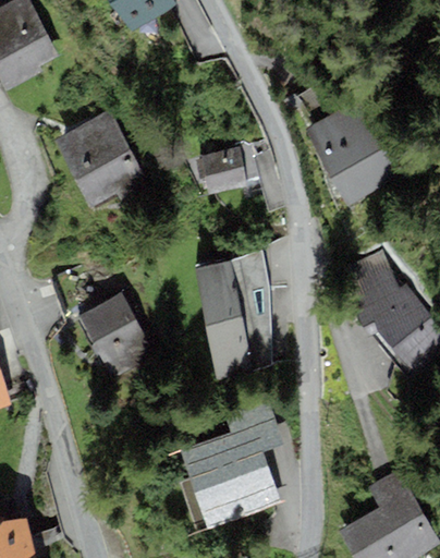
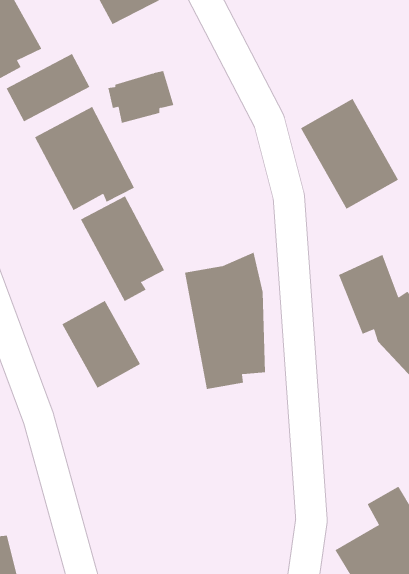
building: none -> [6,53,90,122]
building: [196,144,259,194] -> [108,71,174,123]
building: none -> [80,195,165,302]
building: [181,397,284,527] -> none

